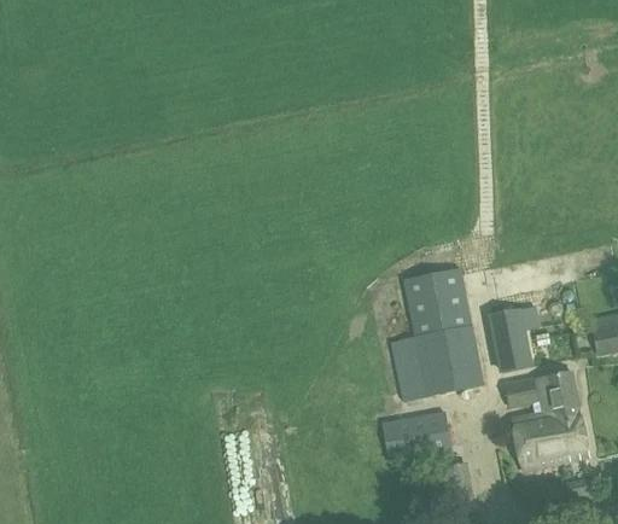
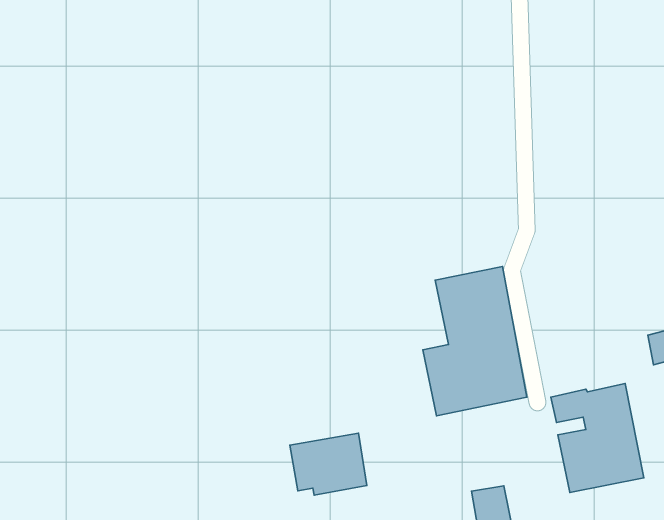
building: [486,307,534,372] -> none
building: [383,409,451,465] -> [290,433,367,495]

